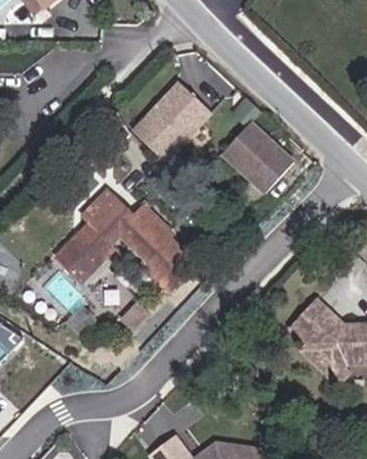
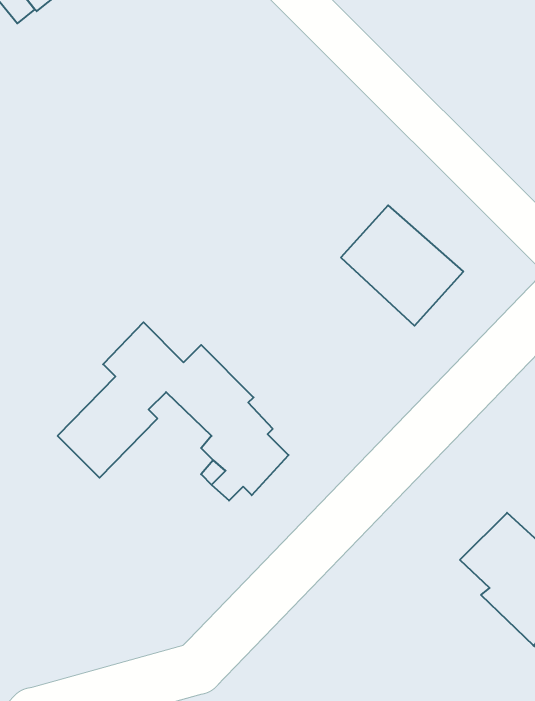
building: [132,81,212,161] -> none

